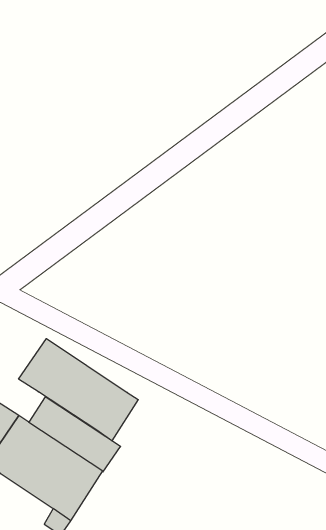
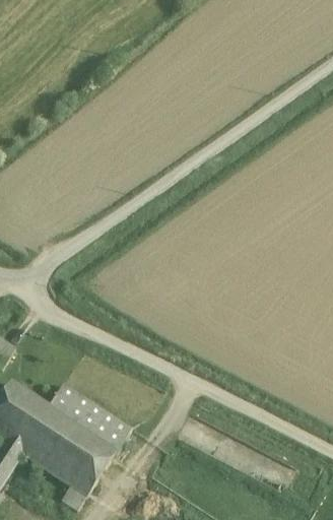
building: [19,339,138,441] -> none

